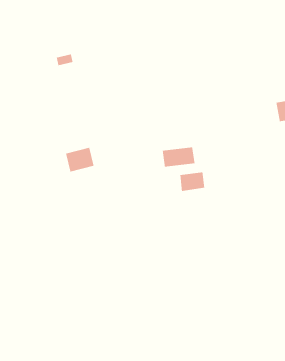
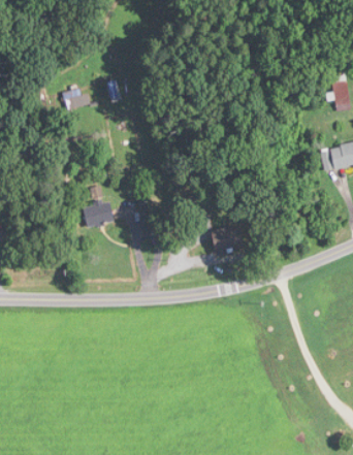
building: [162,146,195,167] -> none

